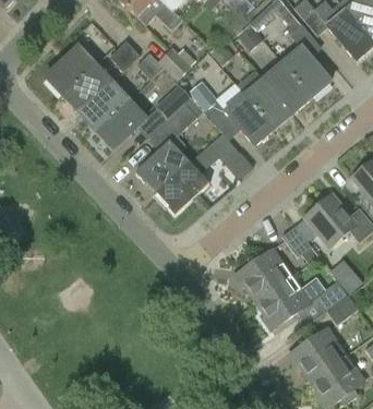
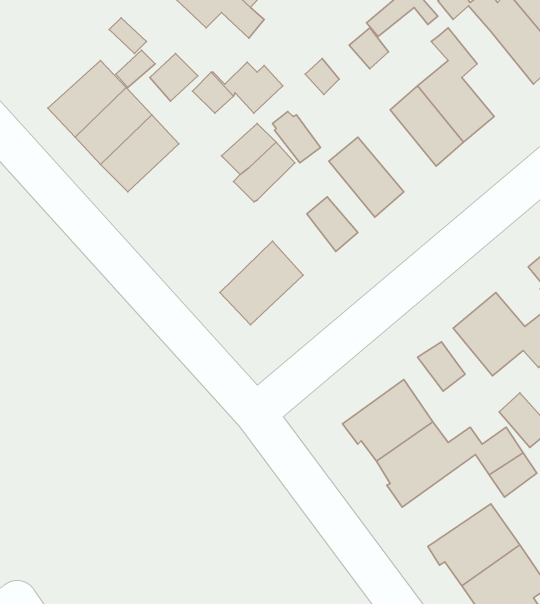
building: [238,70,292,129] -> none
building: [95,98,145,147] -> none
building: [134,135,188,193] -> none

